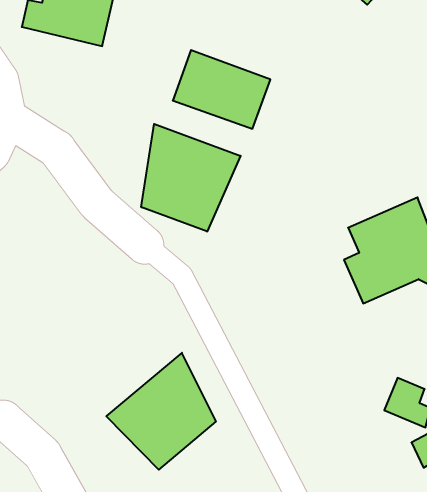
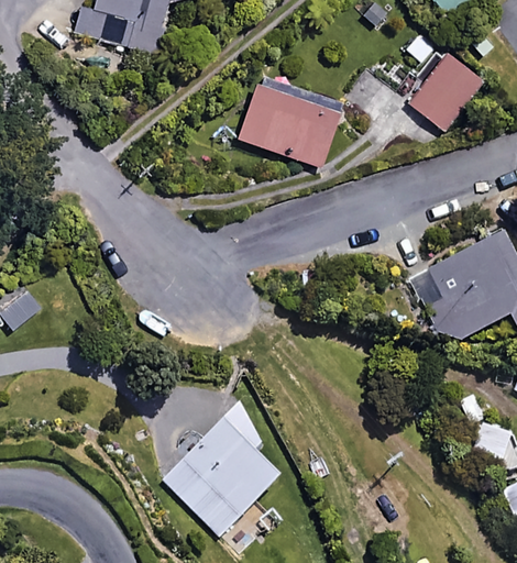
building: none -> [403,58,479,136]
building: [141,124,241,232] -> none

